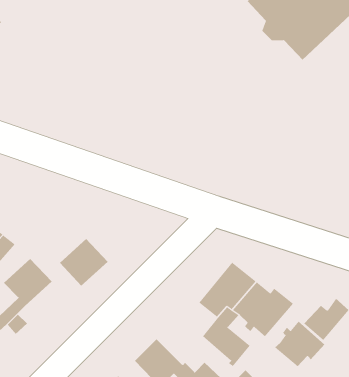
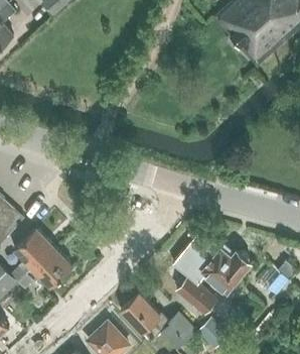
building: [59,238,109,286] -> [32,247,72,286]
building: [274,321,325,367] -> none

